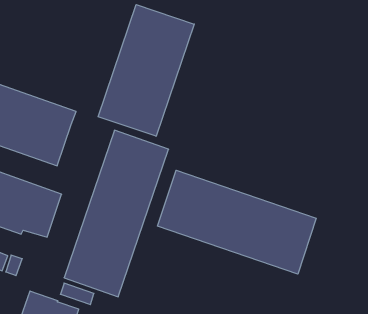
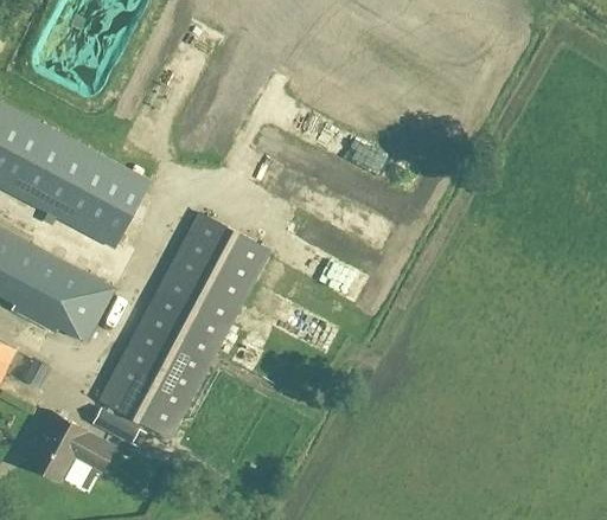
building: [98,5,194,136] -> none
building: [157,170,316,274] -> none

